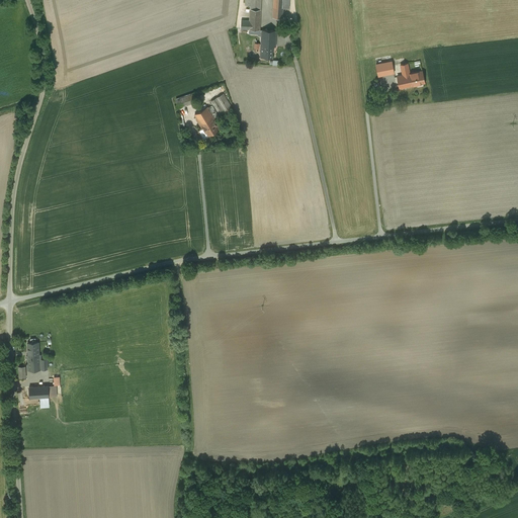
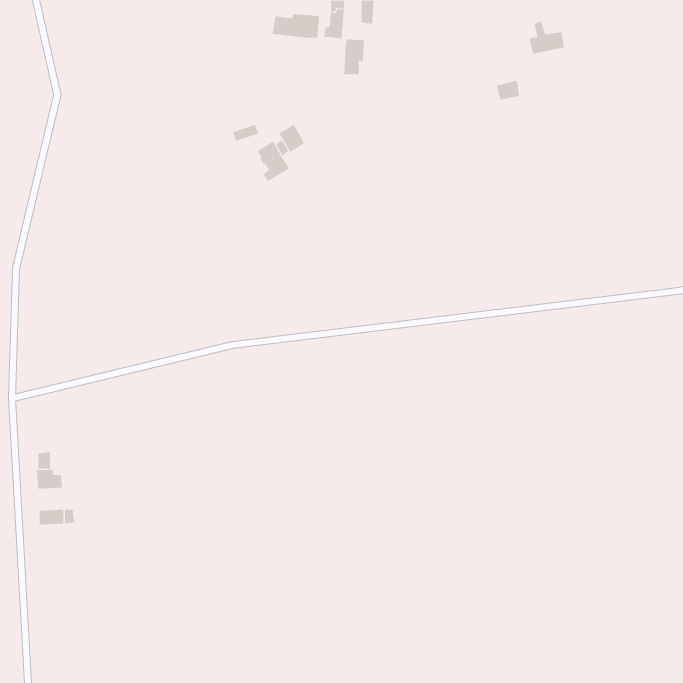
building: none -> [272,13,320,38]
building: [397,63,424,88] -> [529,21,565,54]

